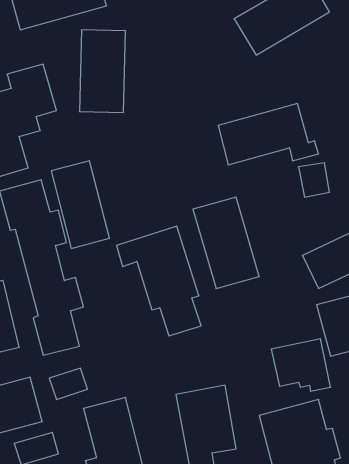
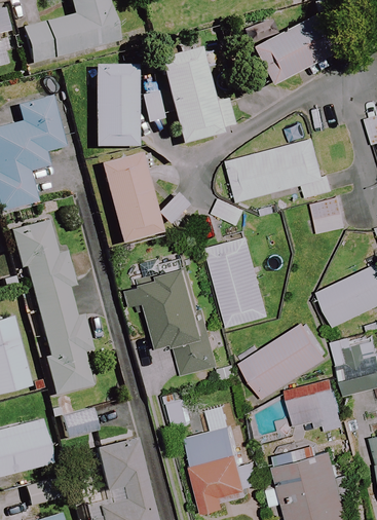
building: none -> [159,48,236,144]
building: [51,161,109,248] -> [100,153,159,243]
building: none -> [243,321,331,399]

